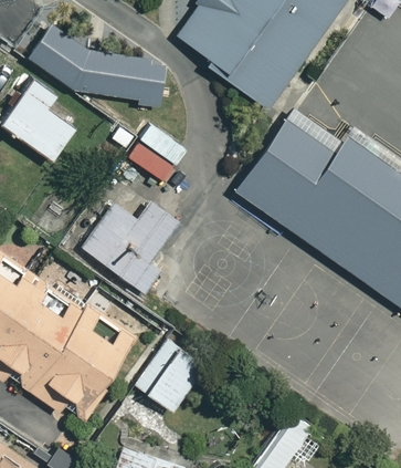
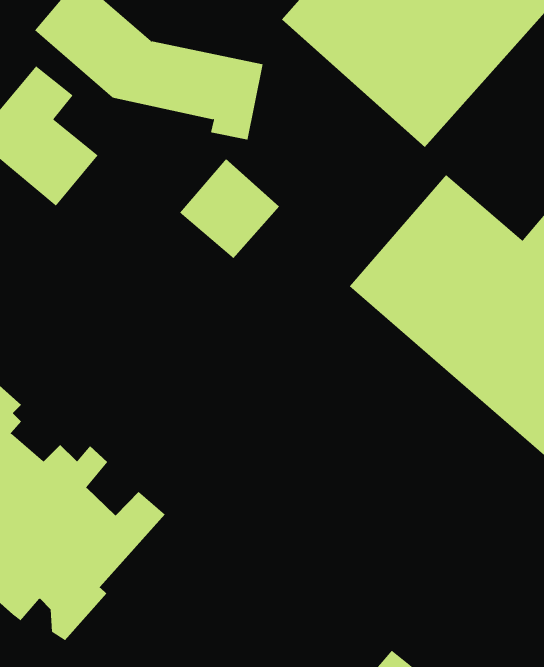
building: [77,190,184,297] -> none
building: [128,336,200,409] -> none

